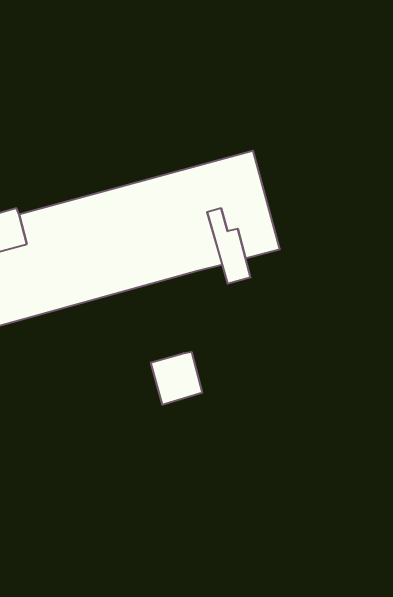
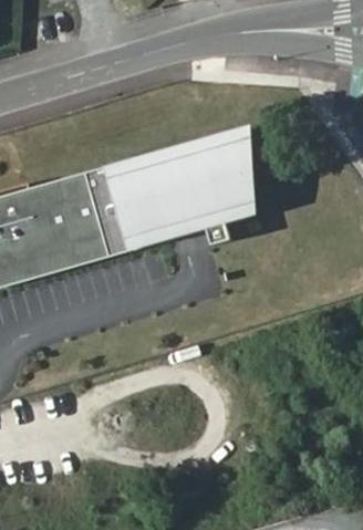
building: [151,352,202,405] -> none

